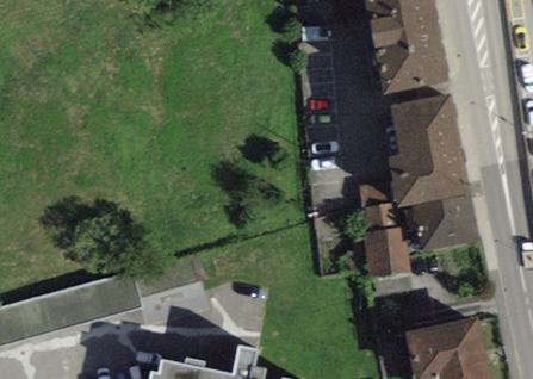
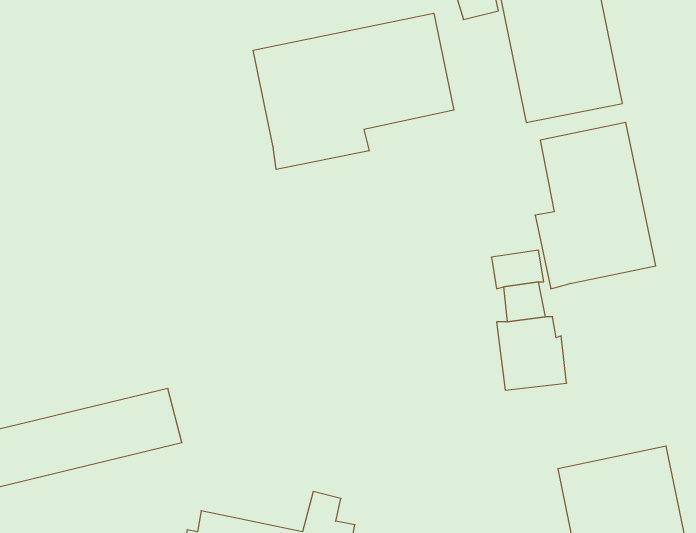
building: none -> [253,13,454,169]
building: [413,193,481,251] -> none

